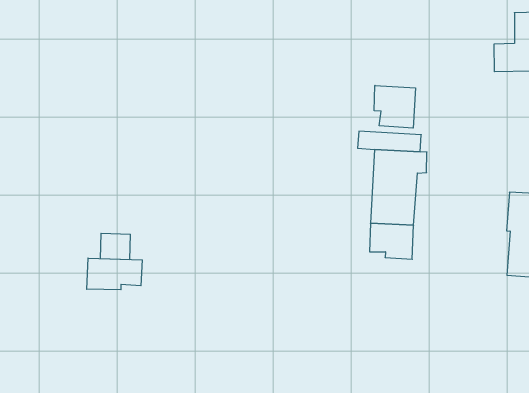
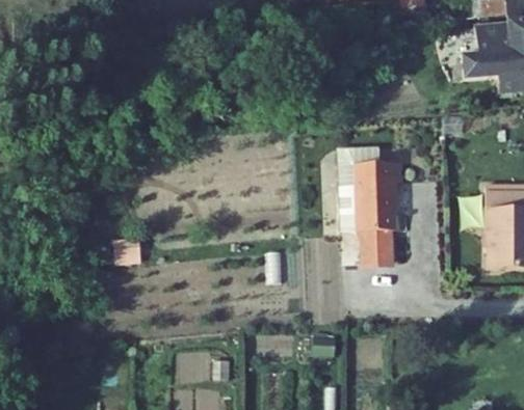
building: [374,85,415,128] -> none
building: [87,258,142,290] -> none

